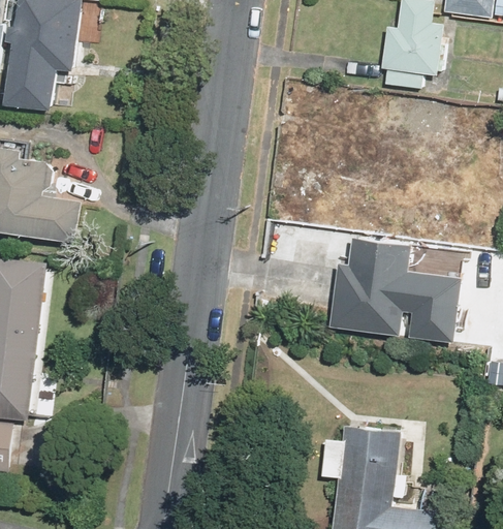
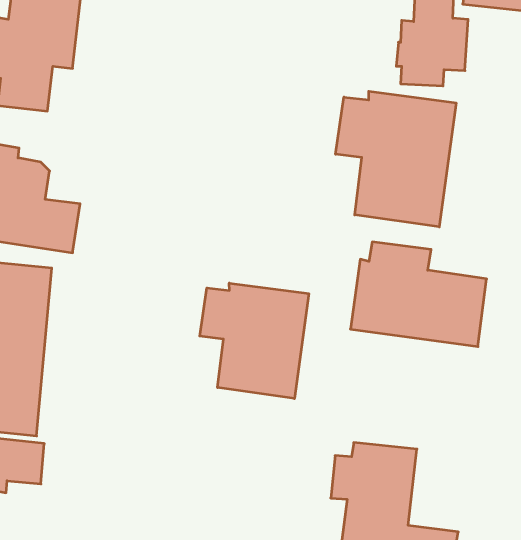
building: none -> [336,91,456,227]
building: none -> [200,283,309,399]

